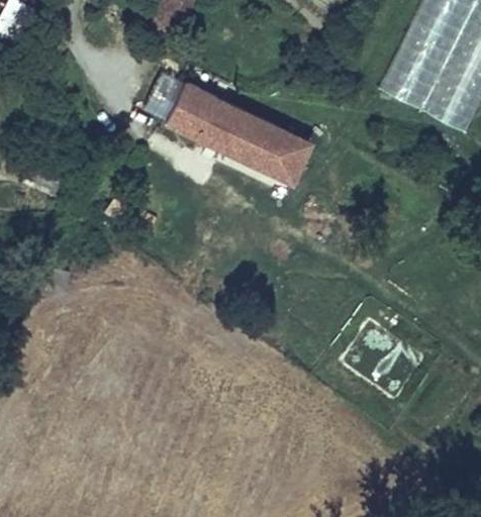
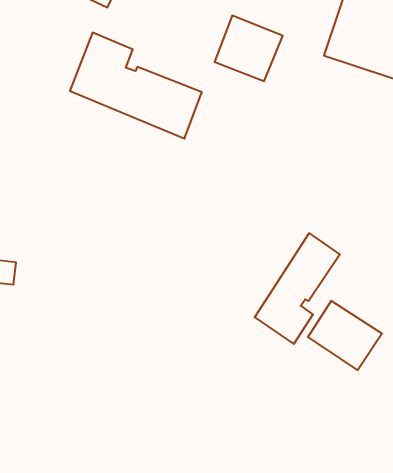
building: [244,120,311,186] -> [215,16,283,81]
building: none -> [255,233,340,344]

